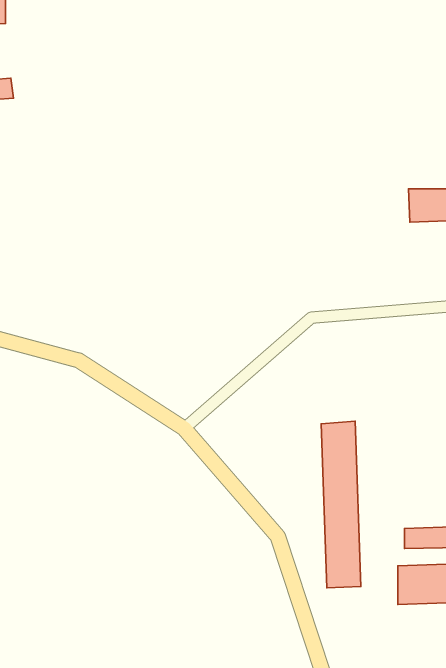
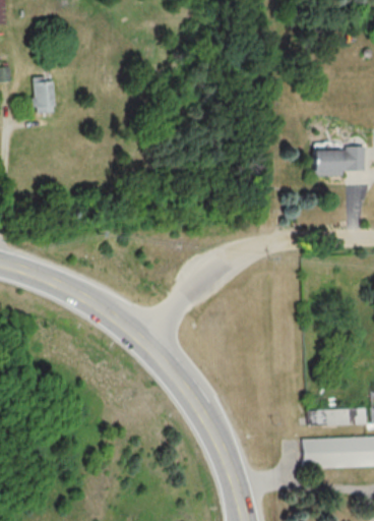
building: none -> [34,76,55,113]
building: [321,421,361,588] -> none

